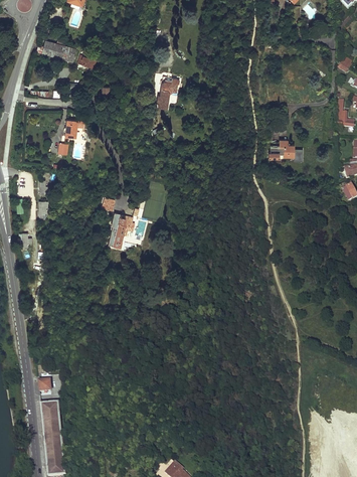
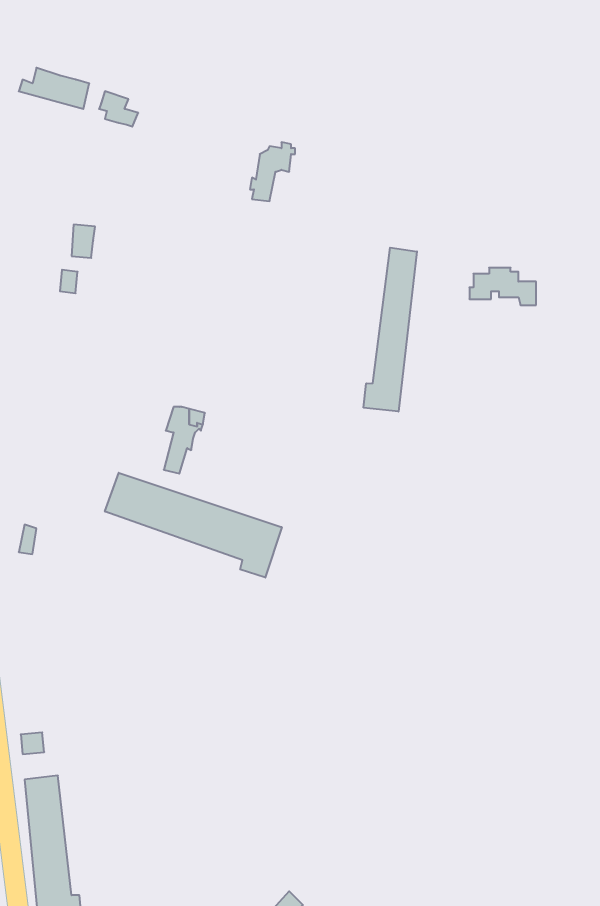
building: none -> [364,248,417,412]
building: none -> [105,473,282,578]

